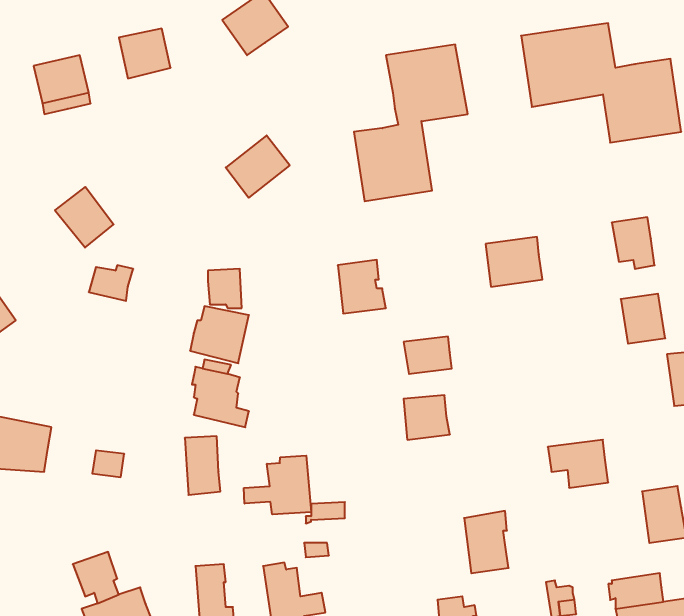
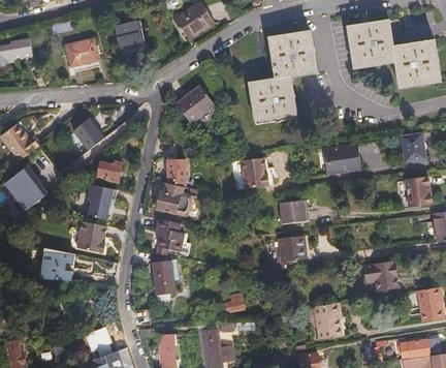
building: none -> [92,186,121,221]
building: none -> [79,222,108,251]
building: [244,456,311,514] -> none

